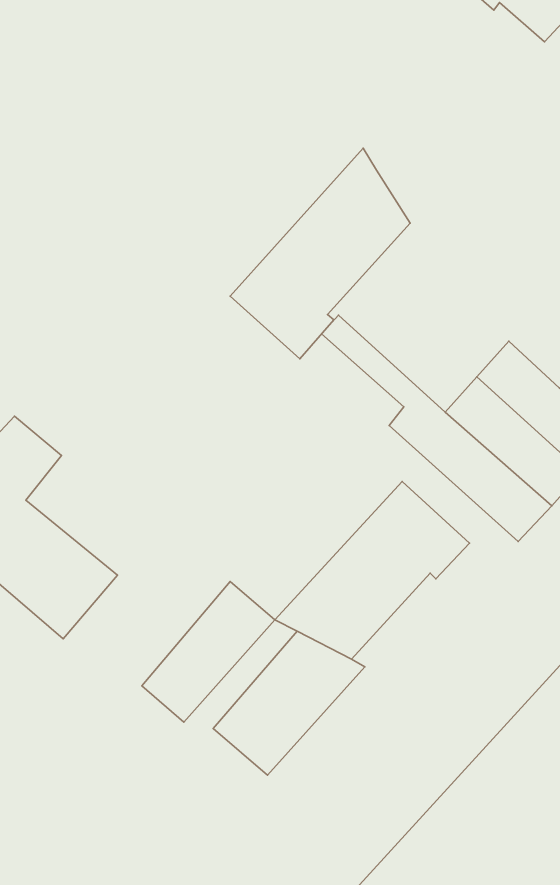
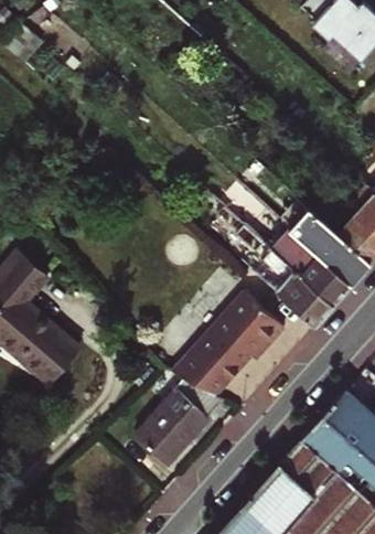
building: [230,148,410,359] -> none
building: [142,581,275,722] -> none

